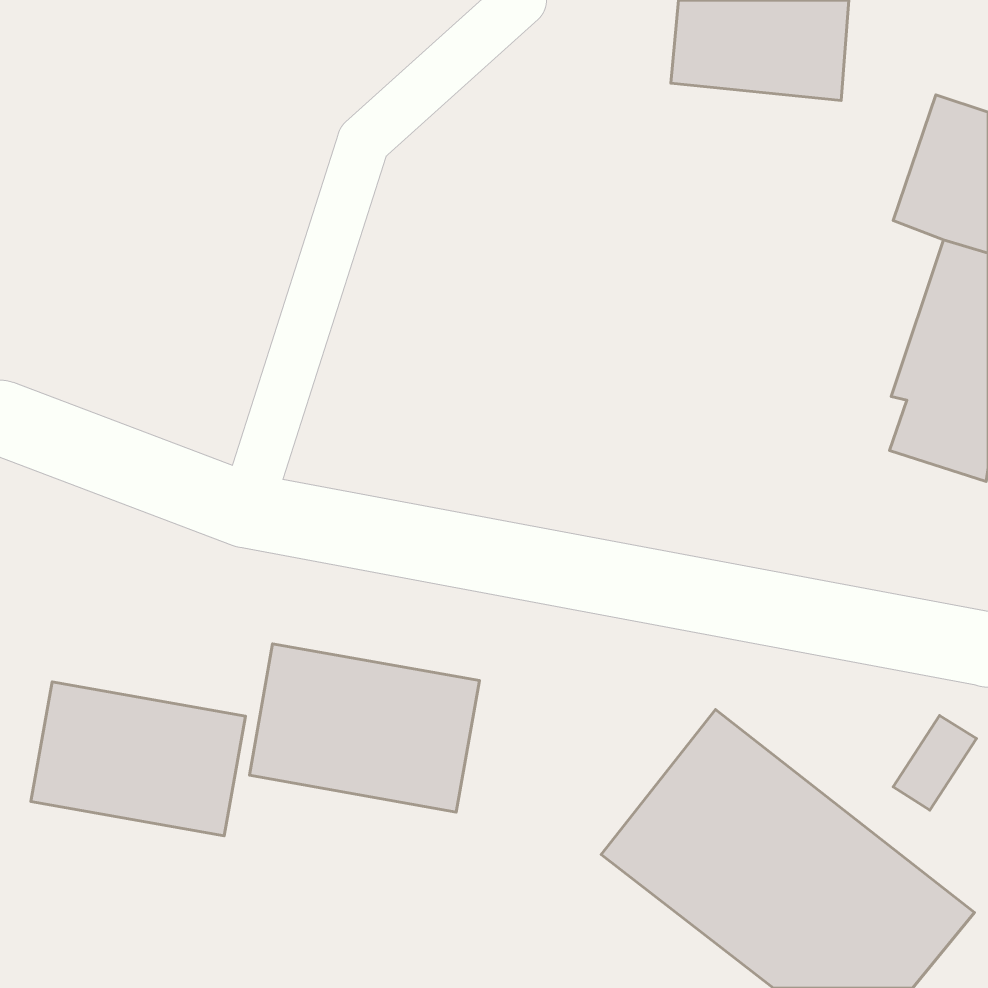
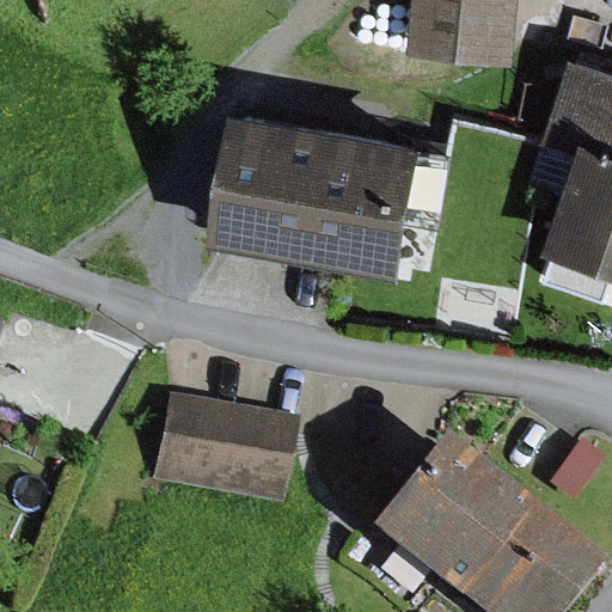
building: none -> [220,109,432,270]
building: [31,682,245,836] -> none

